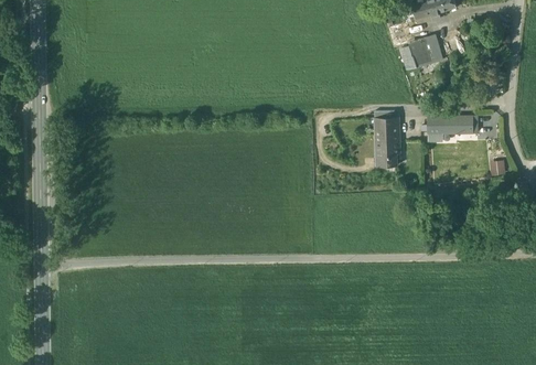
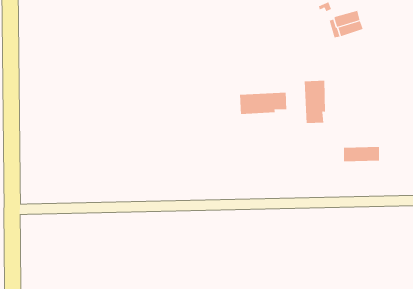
building: [429,115,471,132] -> [343,146,380,162]
building: none -> [240,92,287,115]

